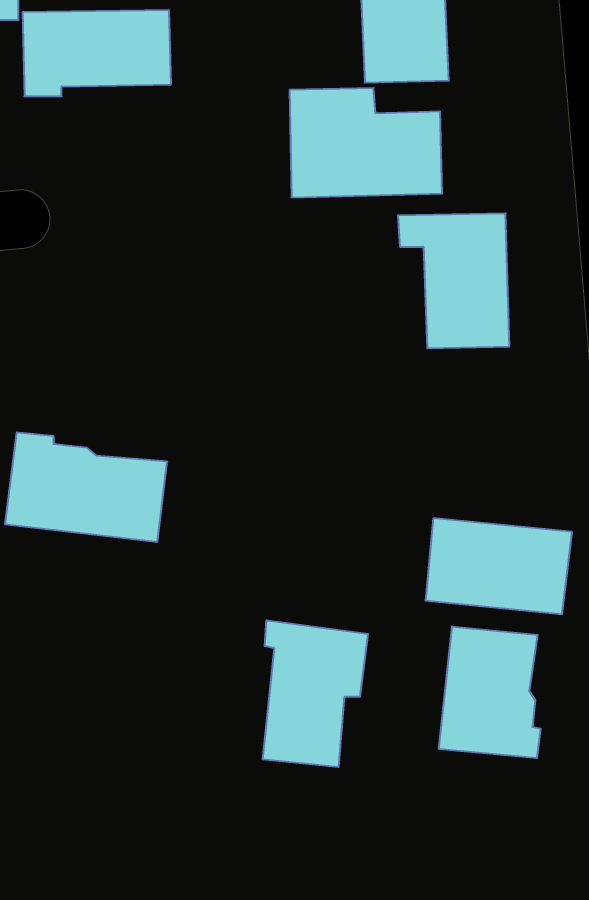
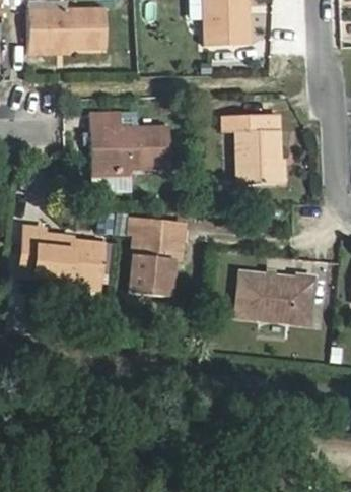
building: [290,88,442,197] -> [90,112,169,169]
building: [262,620,368,767] -> [129,219,184,295]
building: [439,626,541,758] -> none

